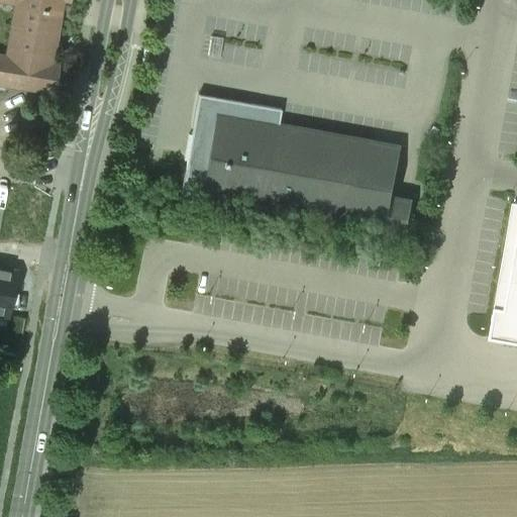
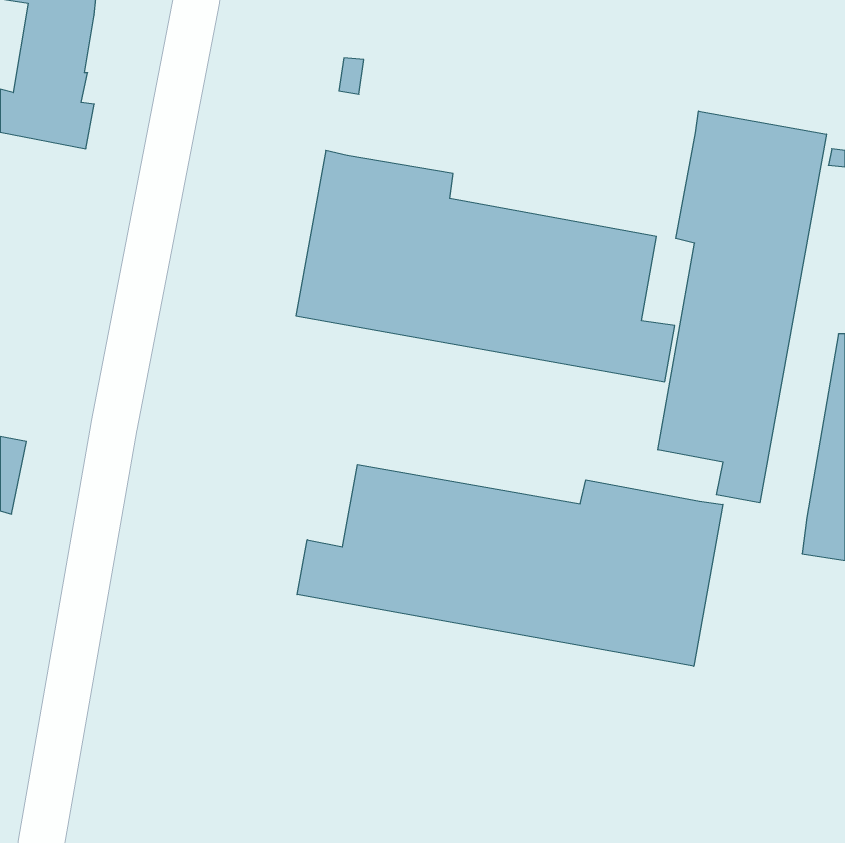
building: none -> [658,111,826,503]
building: none -> [297,465,723,666]

